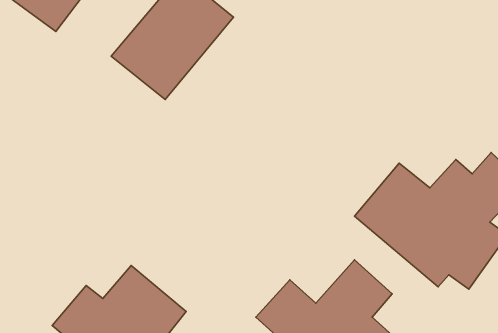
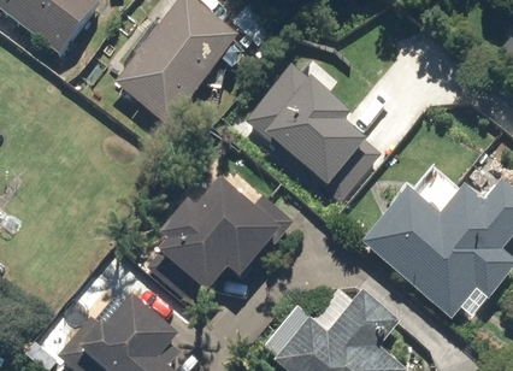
building: none -> [243,65,373,195]
building: none -> [146,172,291,307]

